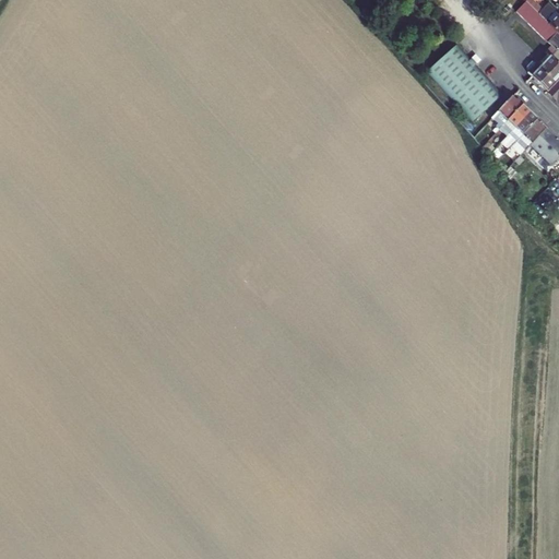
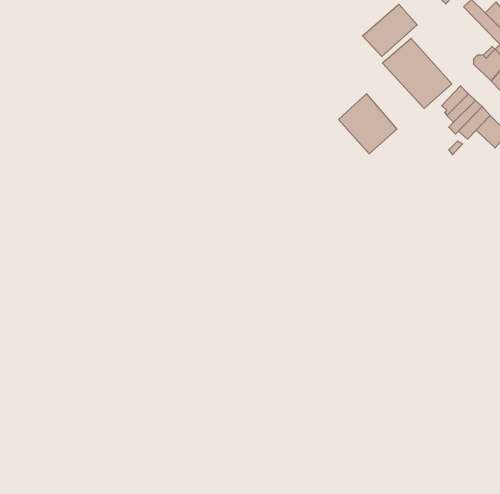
building: none -> [363,4,417,57]
building: none -> [339,94,397,154]

